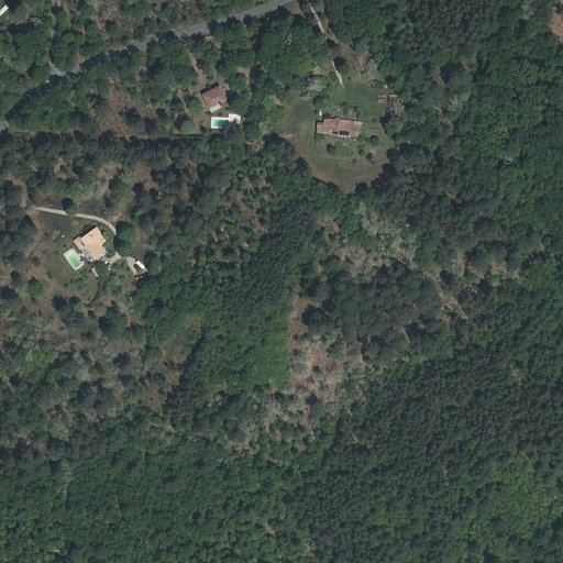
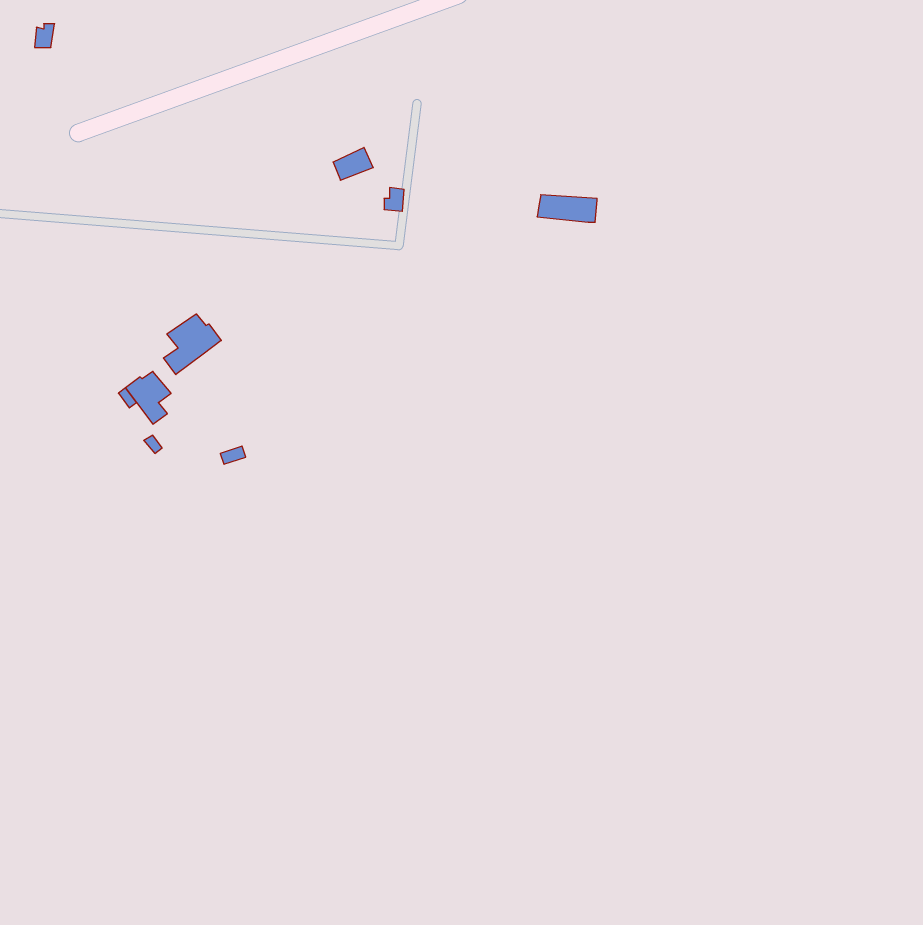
building: none -> [163,314,221,375]

